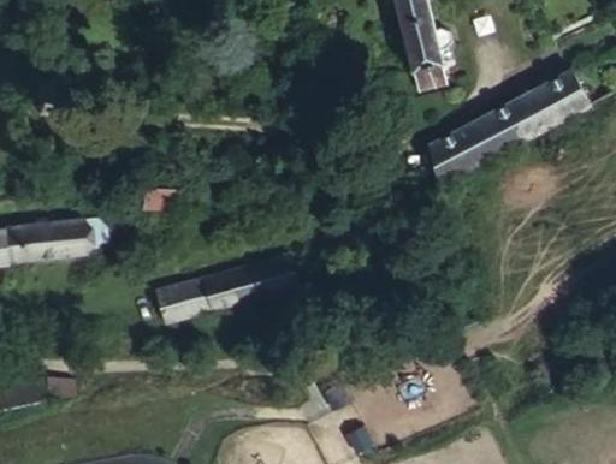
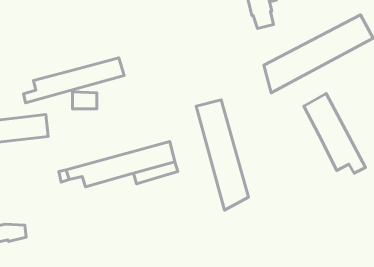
building: none -> [23,58,124,103]
building: none -> [304,93,366,173]
building: none -> [196,100,248,210]

